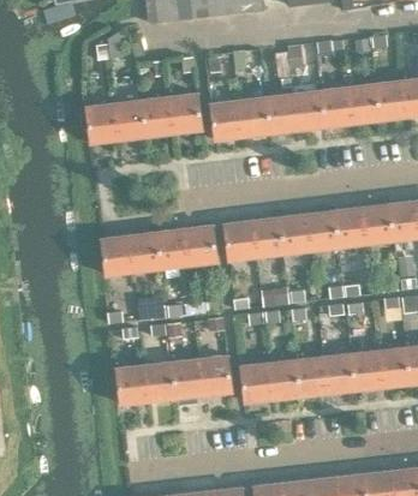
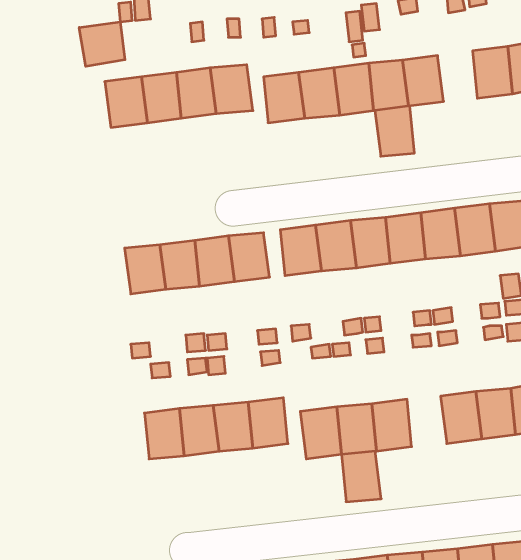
building: none -> [79,22,125,66]
building: [347,83,378,122] -> [375,106,414,156]
building: [323,354,354,394] -> [342,451,381,502]

